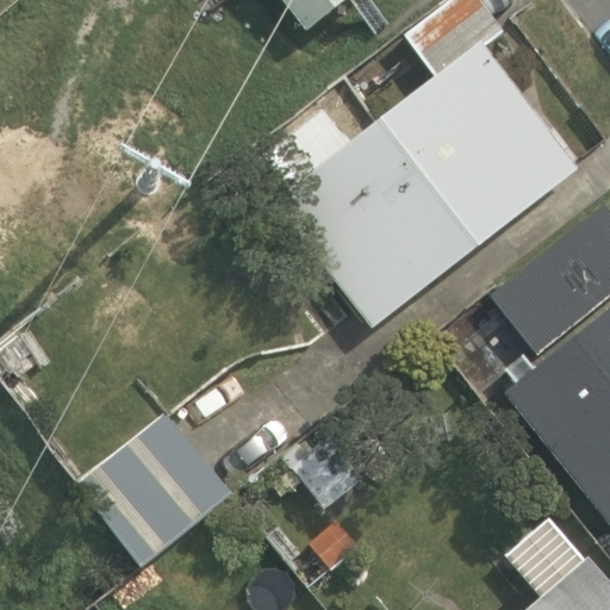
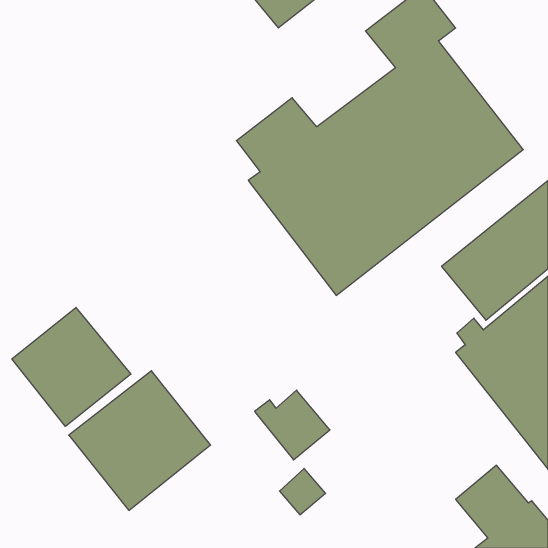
building: none -> [12,307,131,426]

